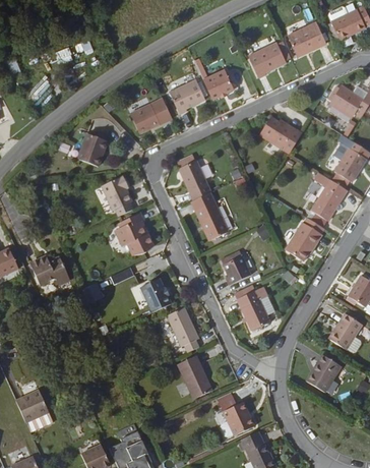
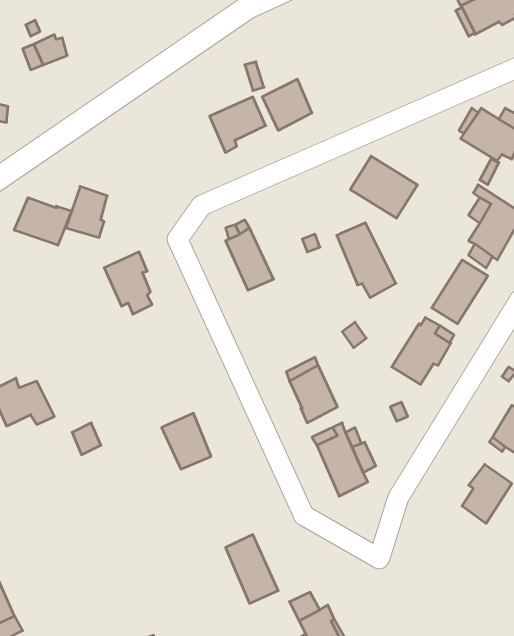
building: [287,20,325,57] -> none
building: [247,39,290,77] -> none
building: [129,97,172,133] -> none
building: none -> [14,198,72,245]
building: [192,193,230,241] -> [337,223,396,298]
building: [116,214,155,257] -> none
building: [169,309,202,354] -> none
building: [306,354,341,392] -> none

